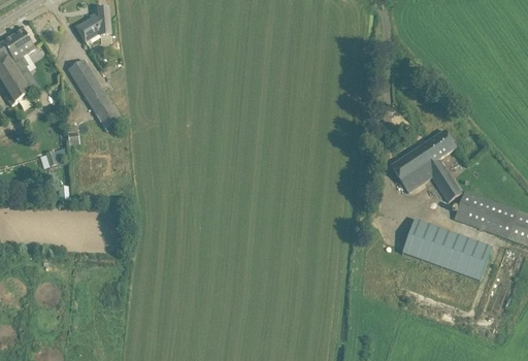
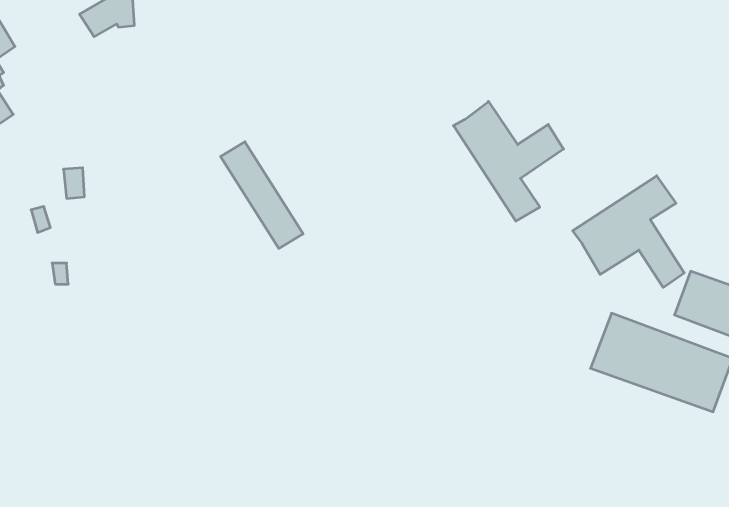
building: [67,58,120,126] -> [221,142,303,248]
building: none -> [453,101,564,221]

